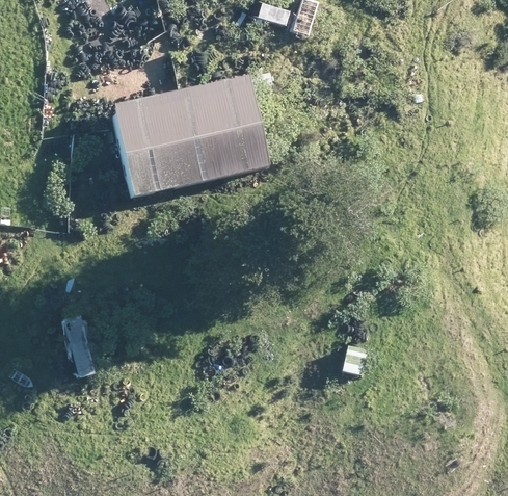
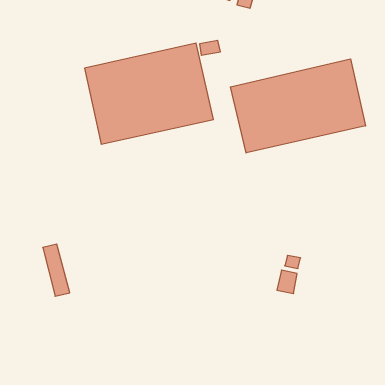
building: none -> [230,59,366,153]

